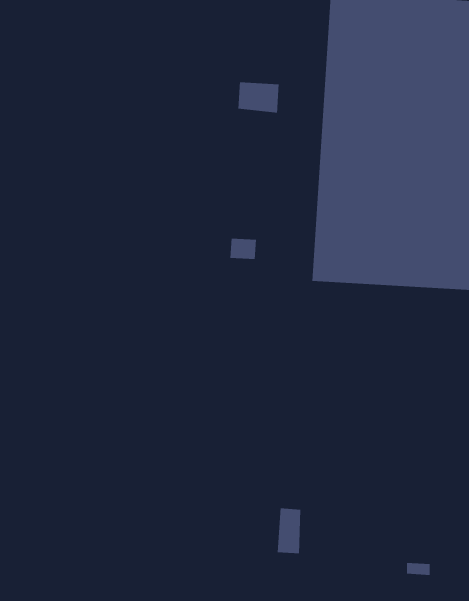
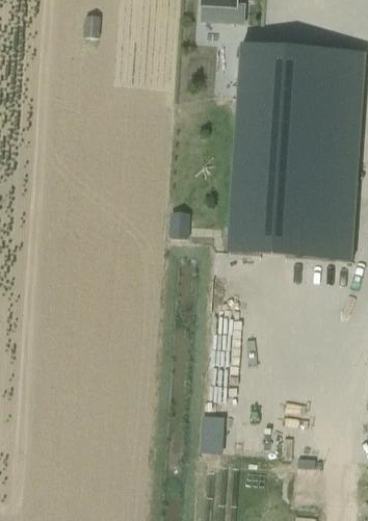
building: [238,82,279,113] -> none

